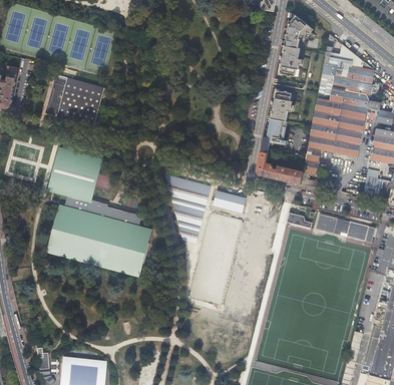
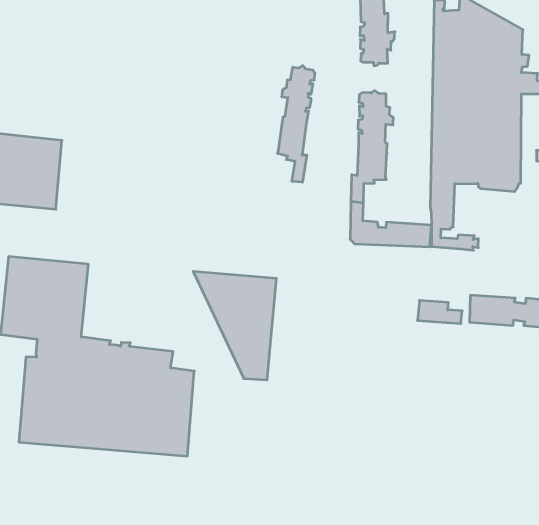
building: none -> [278,66,315,182]
building: [213,190,246,212] -> none

